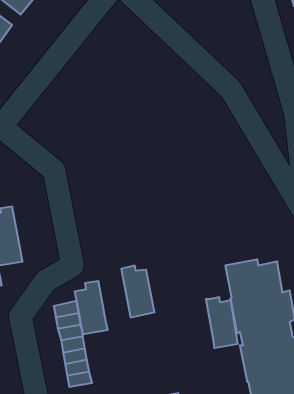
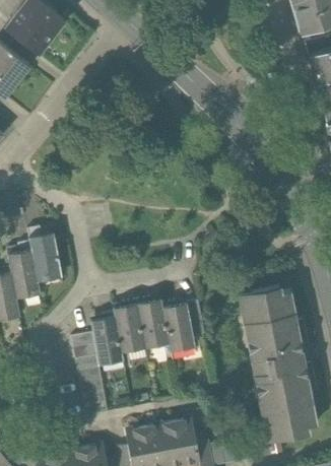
building: none -> [28,226,64,282]
building: none -> [114,301,146,352]
building: [206,297,238,348] -> [162,302,194,351]

